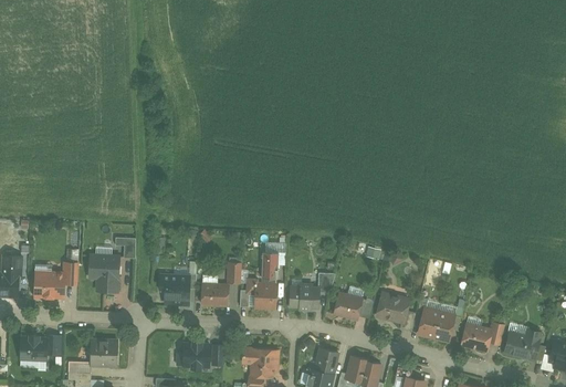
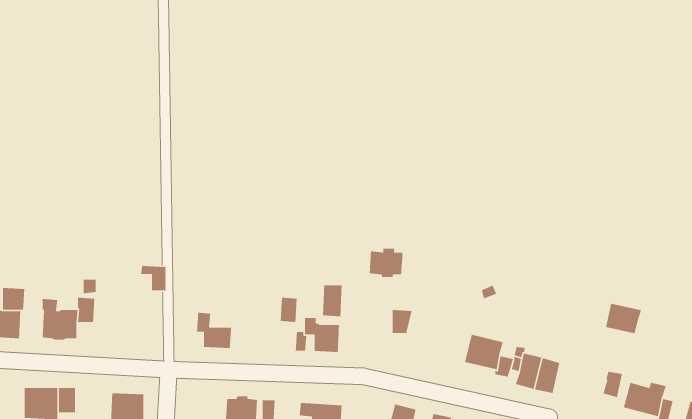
building: [88,254,119,292] -> none
building: [201,284,228,304] -> none
building: [290,284,317,308] -> [369,248,403,278]
building: [334,292,361,318] -> none
building: [461,324,491,349] -> [605,303,642,334]

